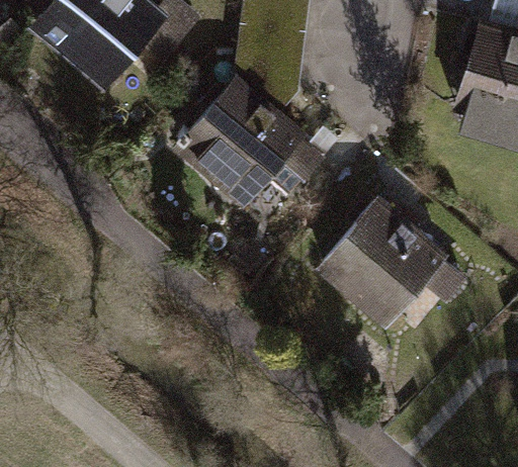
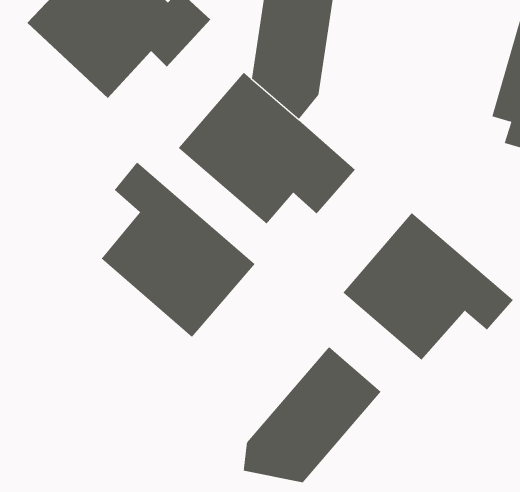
building: none -> [101,162,256,338]
building: none -> [243,346,382,483]

